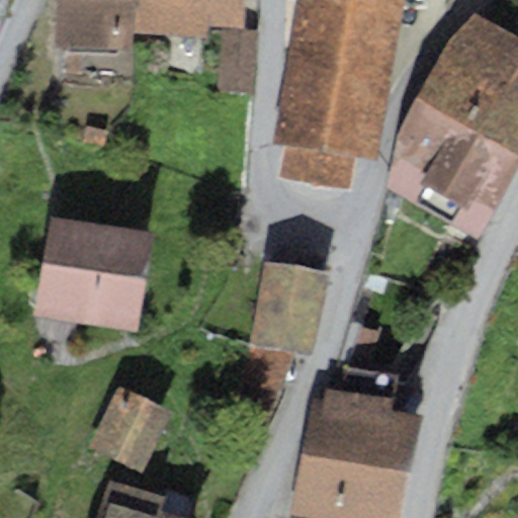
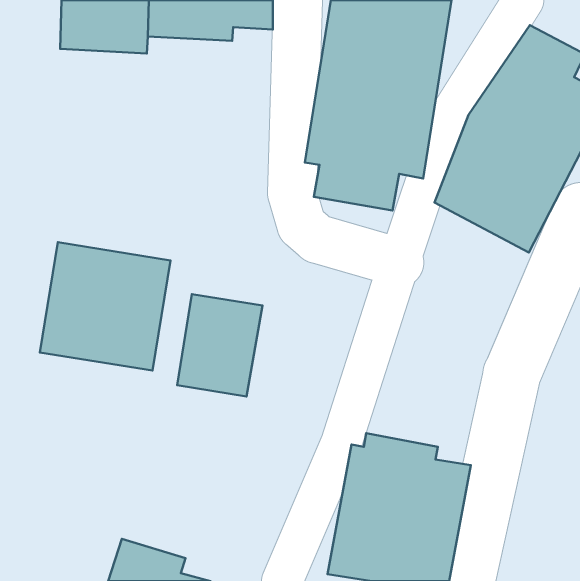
building: [251,262,327,353] -> [177,294,262,397]
building: [91,386,171,469] -> none

